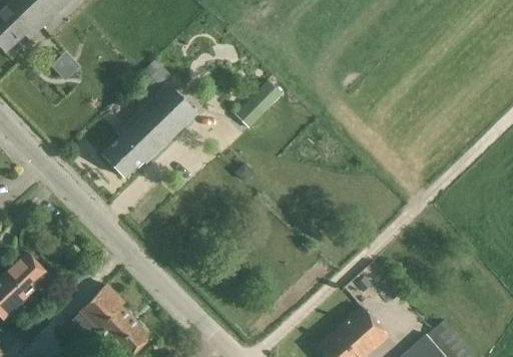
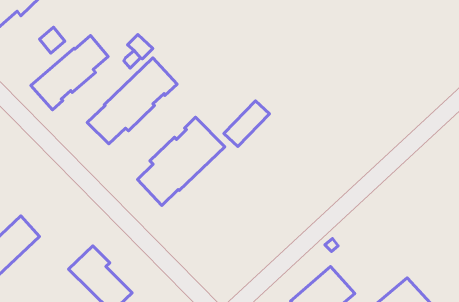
building: none -> [31,35,108,110]
building: [232,79,282,128] -> [224,101,270,147]
building: none -> [138,117,225,205]

